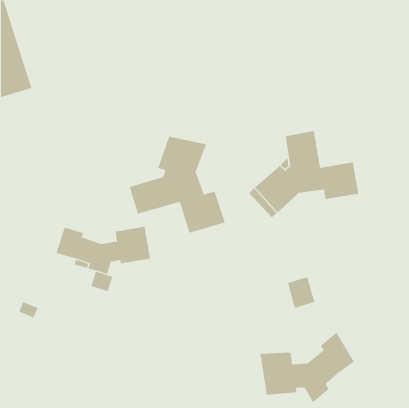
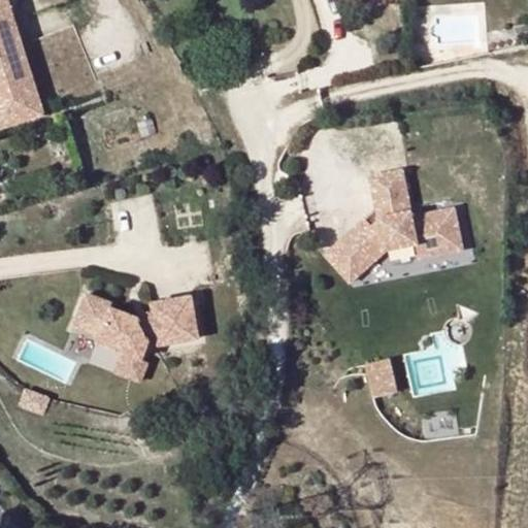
building: [129,136,225,233] -> none
building: [260,332,354,403] -> none

